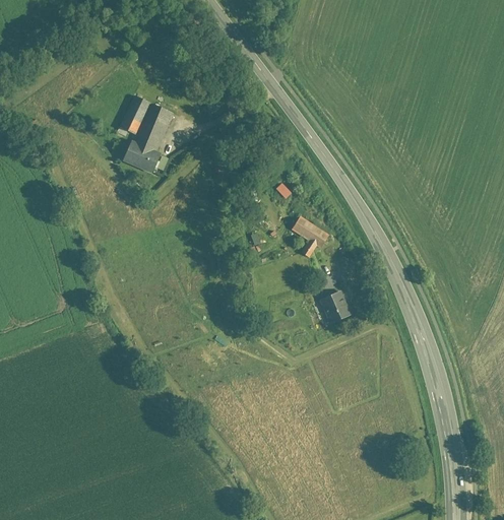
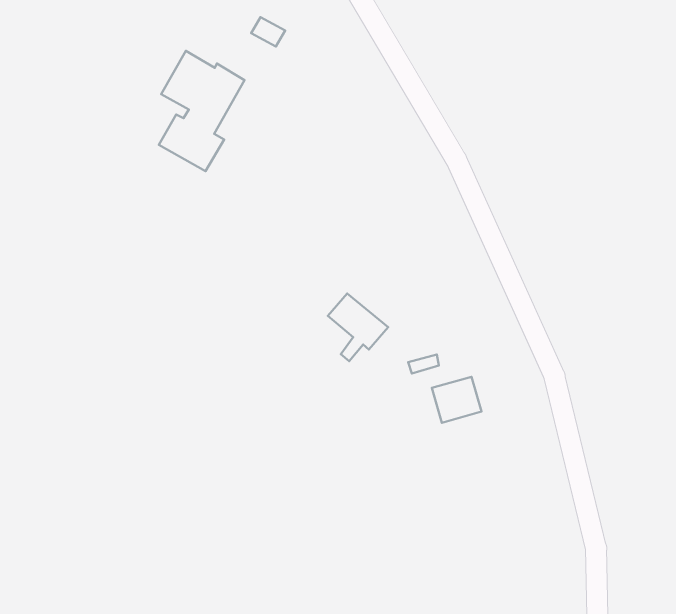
building: [290,214,330,259] -> [328,293,388,361]

